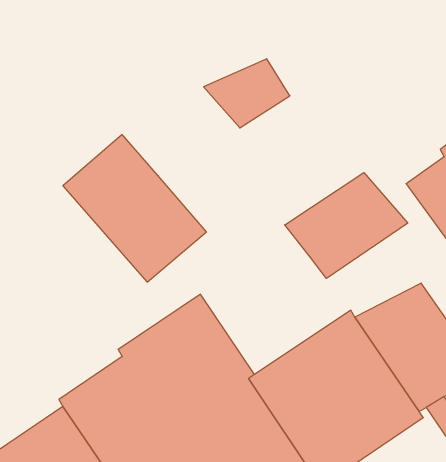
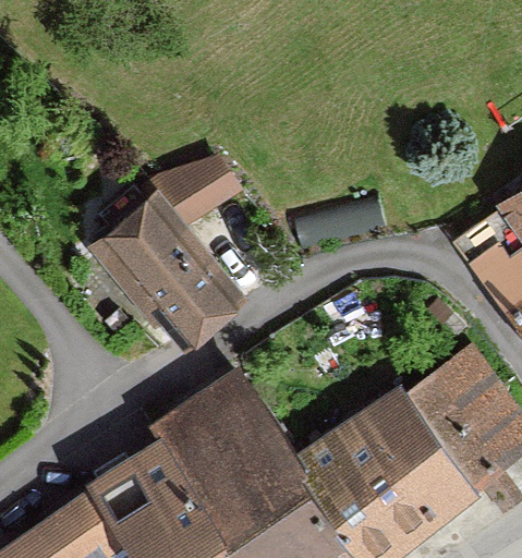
building: [204,59,290,128] -> [154,157,247,232]
building: [285,173,408,278] -> none

